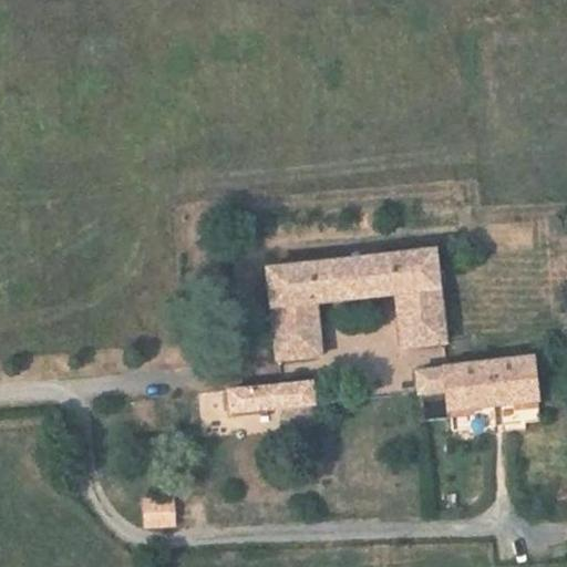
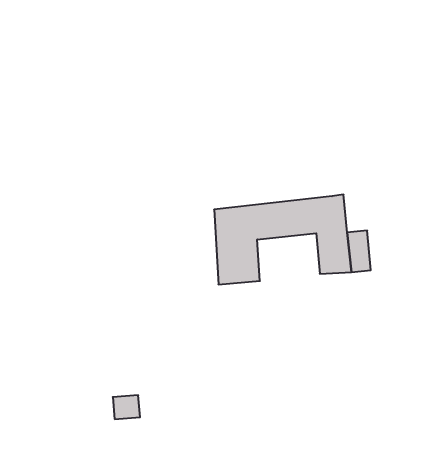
building: [423,361,534,433] -> none
building: [226,381,310,426] -> none

